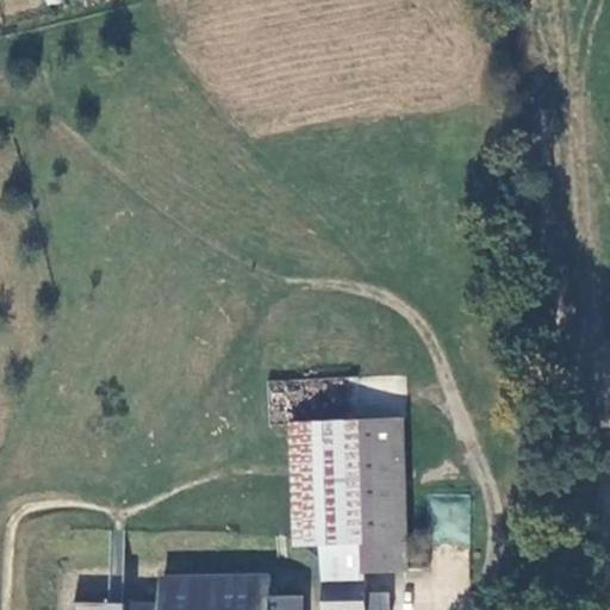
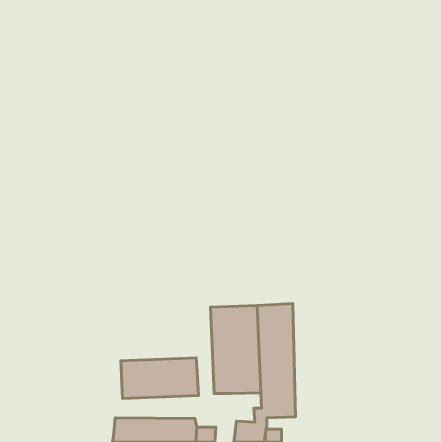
building: none -> [121,358,199,399]
building: [317,541,360,581] -> none

